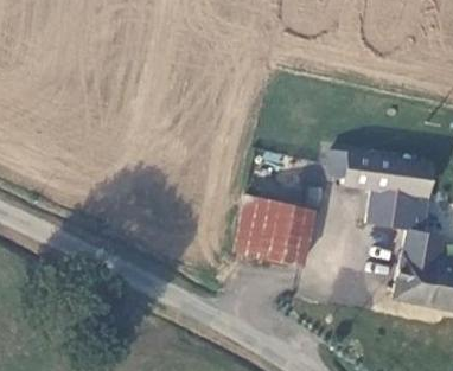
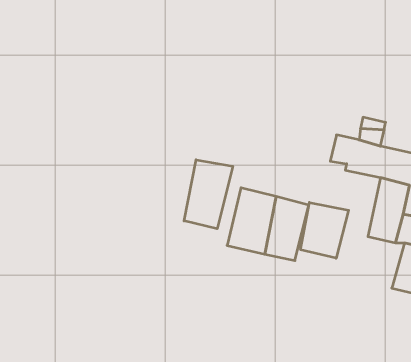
building: none -> [184,160,233,229]
building: none -> [301,202,349,258]

